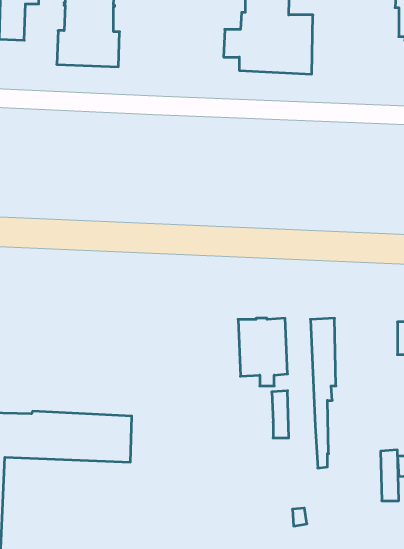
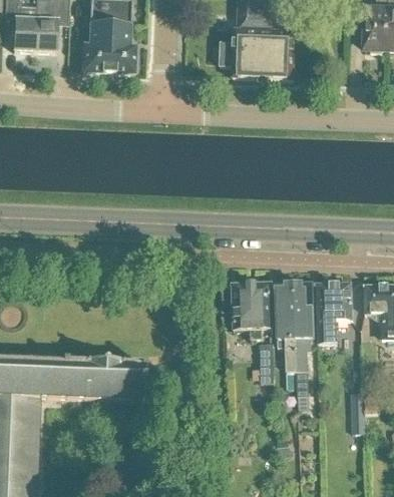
building: none -> [277,282,297,386]
building: none -> [317,282,353,342]

